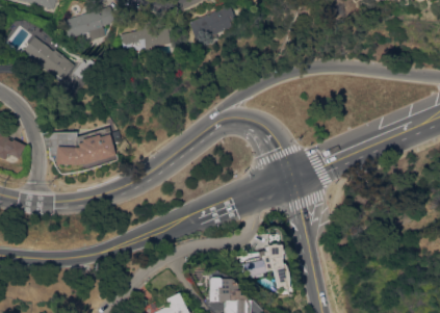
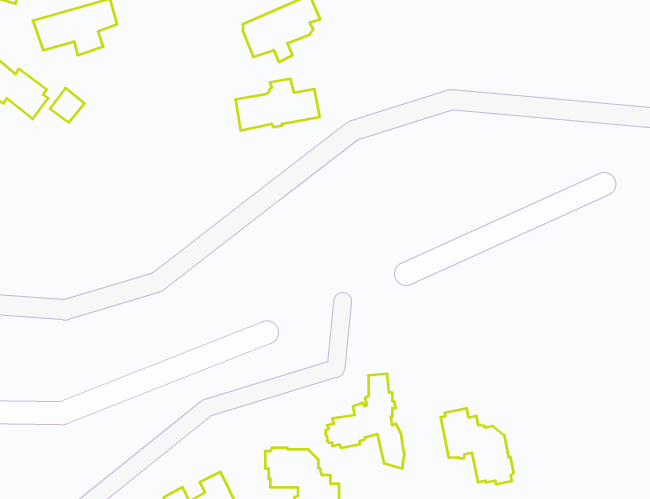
building: [122,21,173,52] -> [235,79,320,131]
building: [53,126,117,165] -> none
building: none -> [441,408,513,484]

